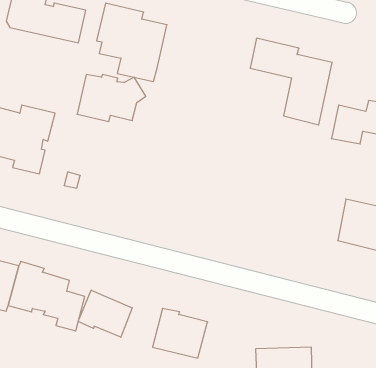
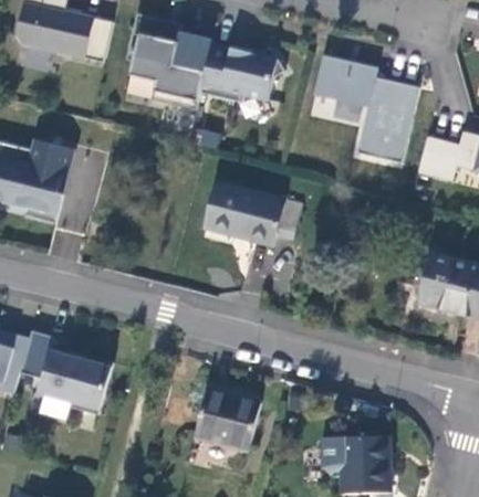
building: [77,75,146,122] -> [199,45,283,103]
building: none -> [207,182,301,247]
building: [78,290,132,337] -> none

